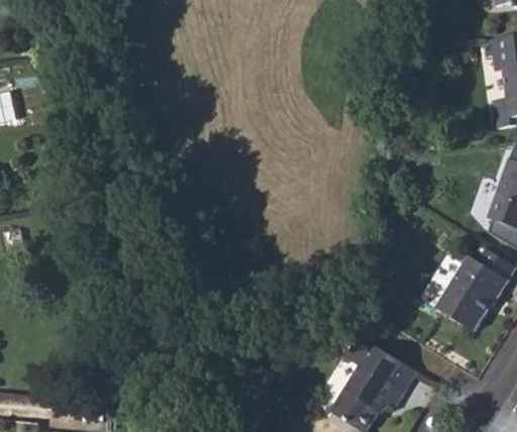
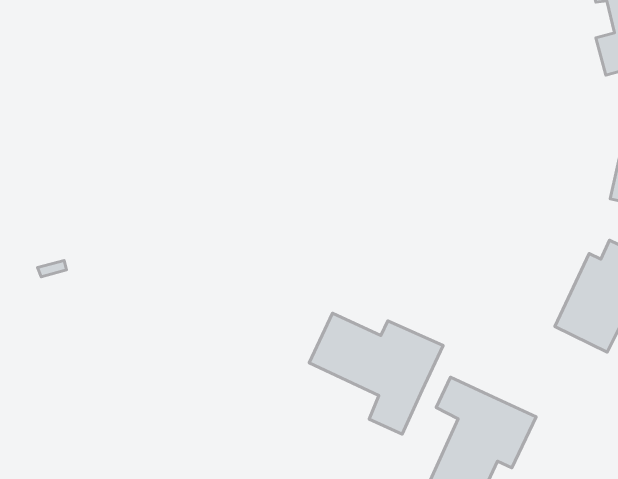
building: none -> [309,313,443,434]

